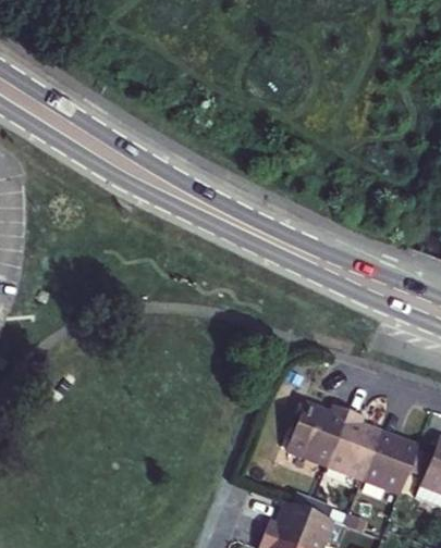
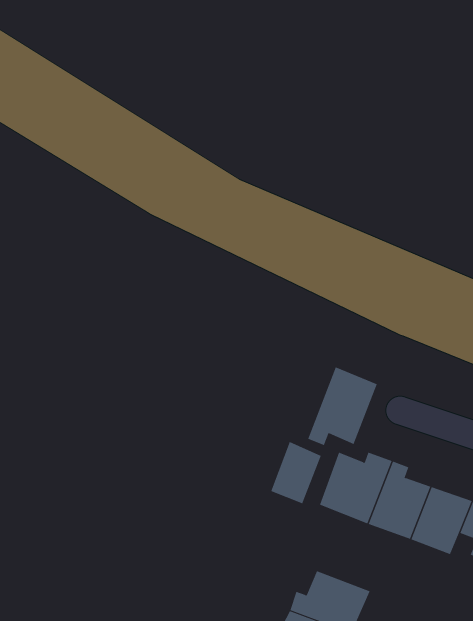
building: none -> [307,366,378,446]
building: none -> [271,441,321,504]

